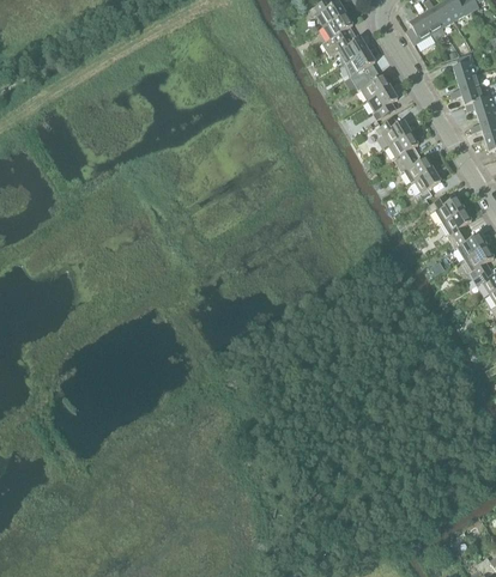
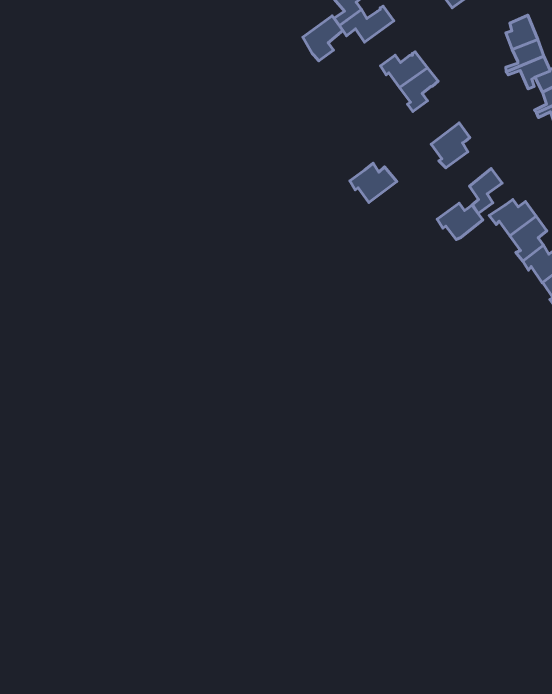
building: [345,49,376,83] -> [303,16,343,61]
building: [376,116,412,146] -> [350,163,397,203]
building: [399,154,434,182] -> [437,203,483,239]

